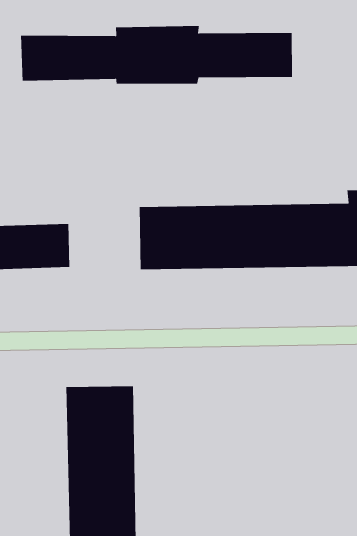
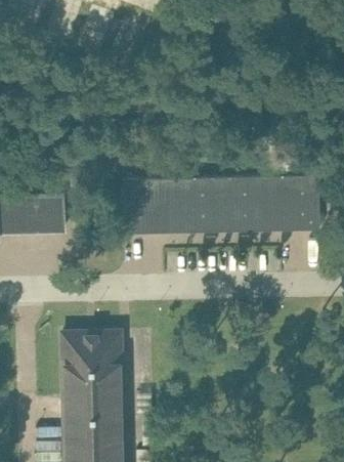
building: [20,25,293,84] -> none

